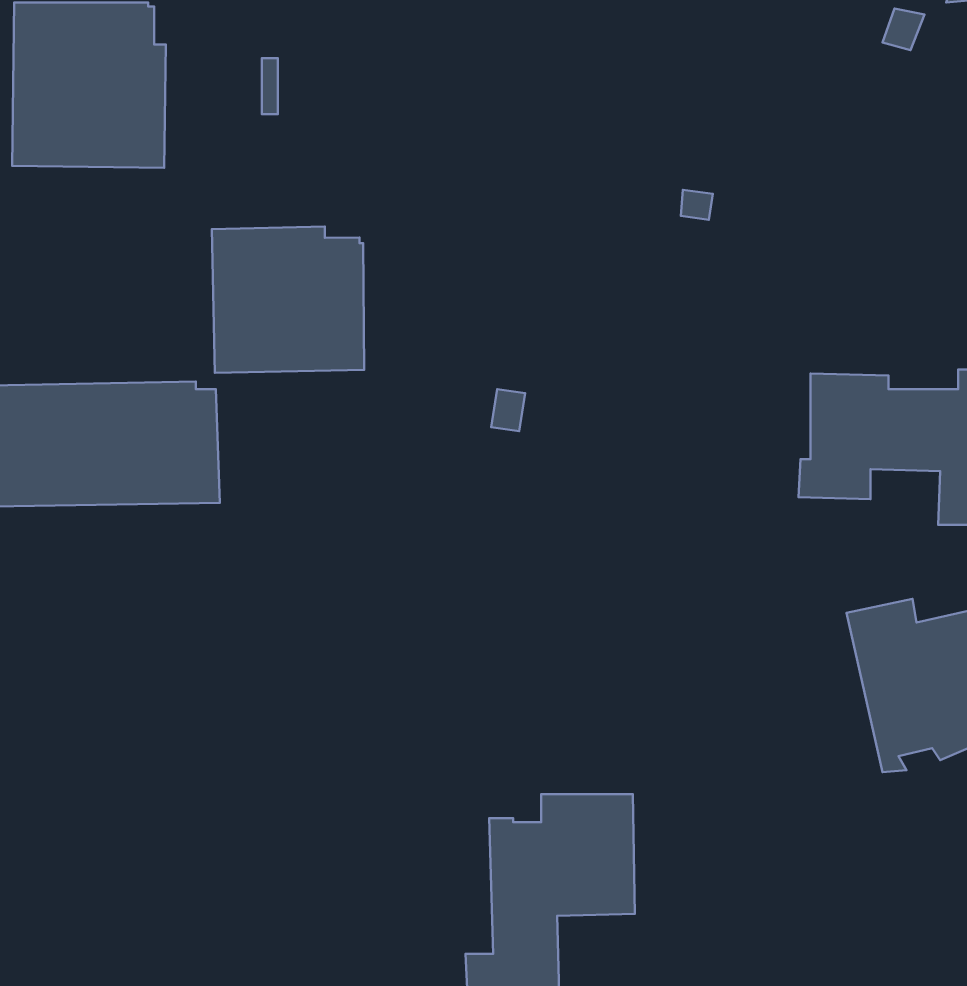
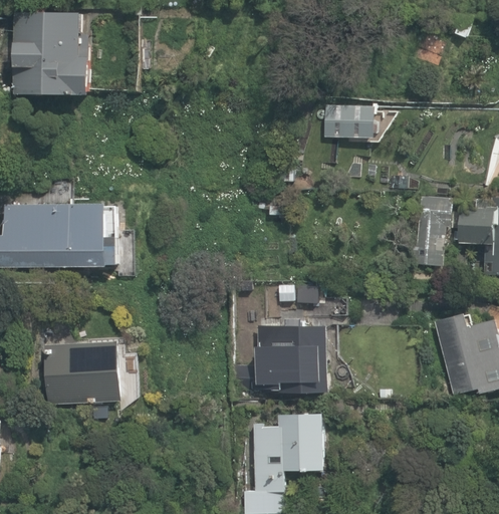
building: [212,226,364,373] -> none
building: none -> [42,321,120,406]
building: none -> [231,324,328,395]

